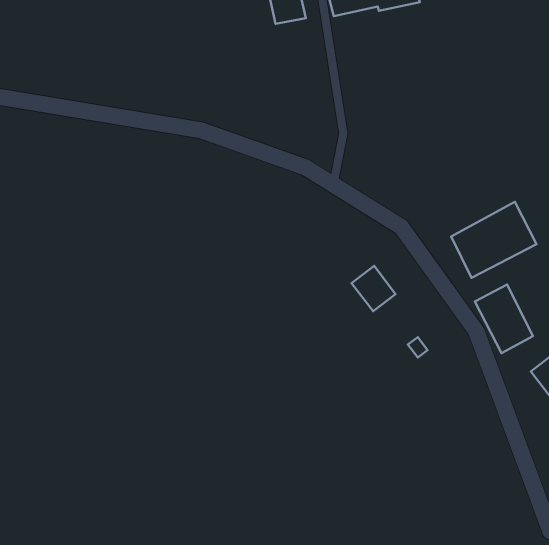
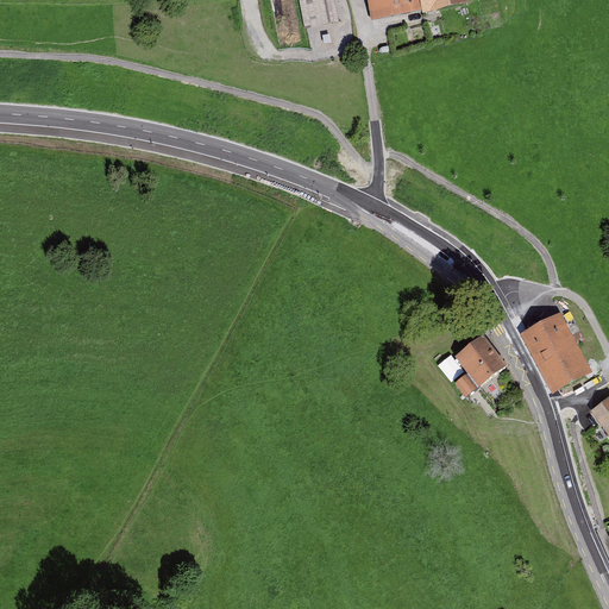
building: [451,202,536,278] -> none
building: [352,266,396,311] -> [452,335,501,385]

